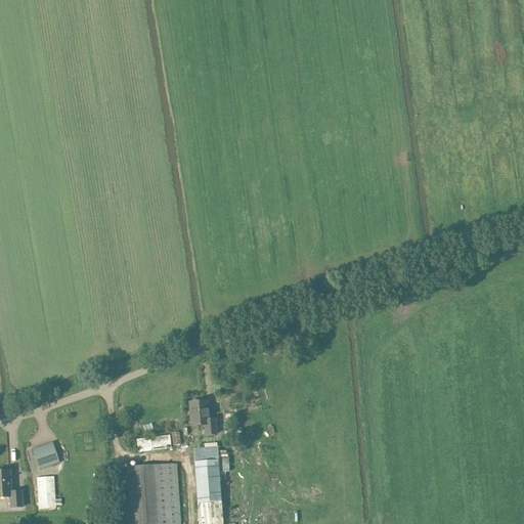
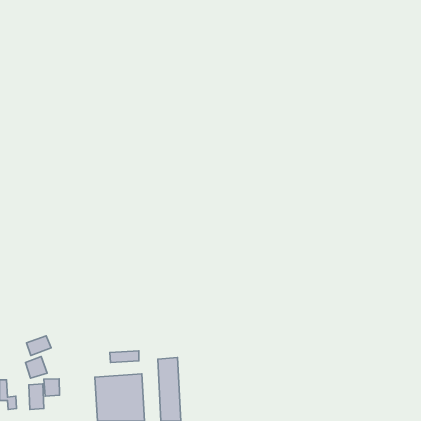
building: [189,402,215,435] -> none
building: none -> [26,336,51,355]
building: none -> [44,379,60,396]

